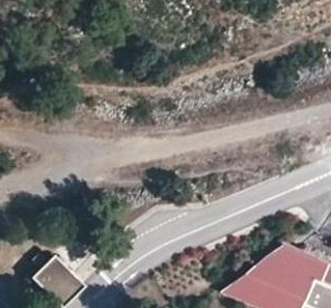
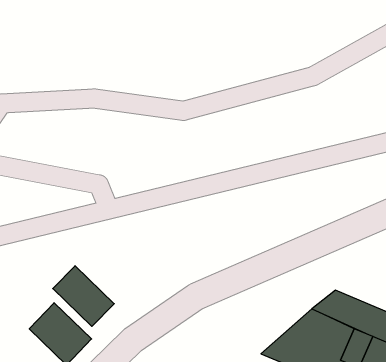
building: none -> [53,266,114,326]

